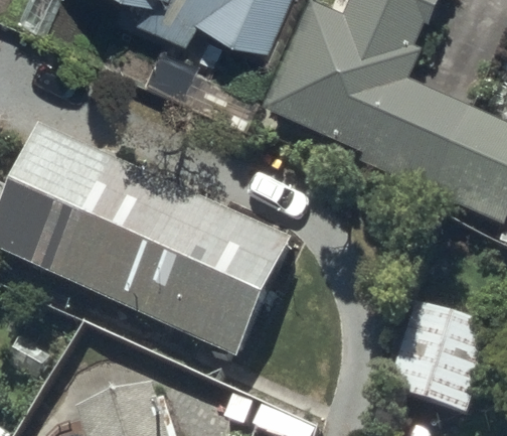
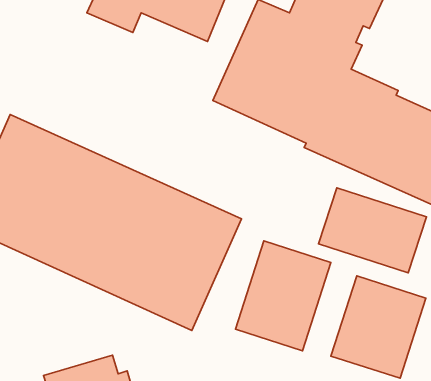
building: none -> [319,188,426,273]
building: none -> [236,241,331,351]

